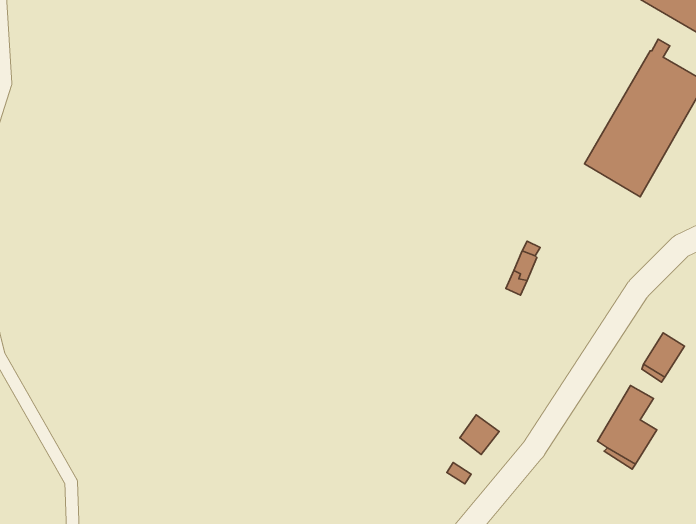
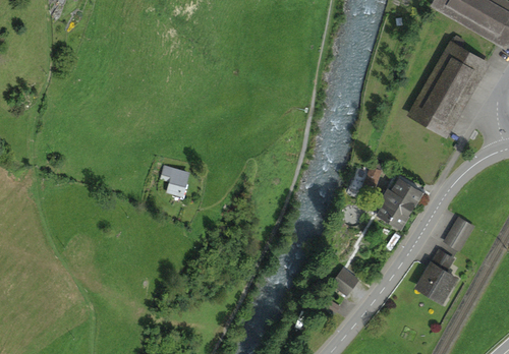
building: none -> [161,166,186,193]
building: none -> [379,178,421,227]

